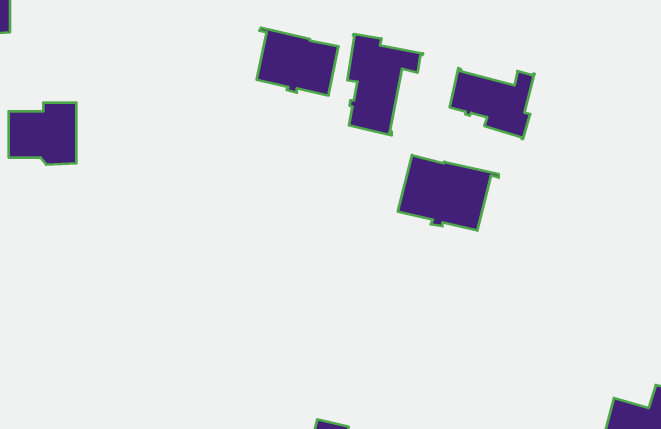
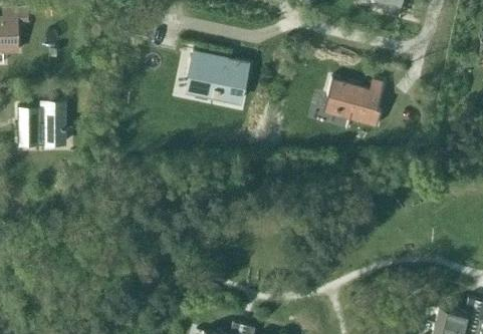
building: [348,34,423,135] -> none
building: [398,155,499,231] -> none

